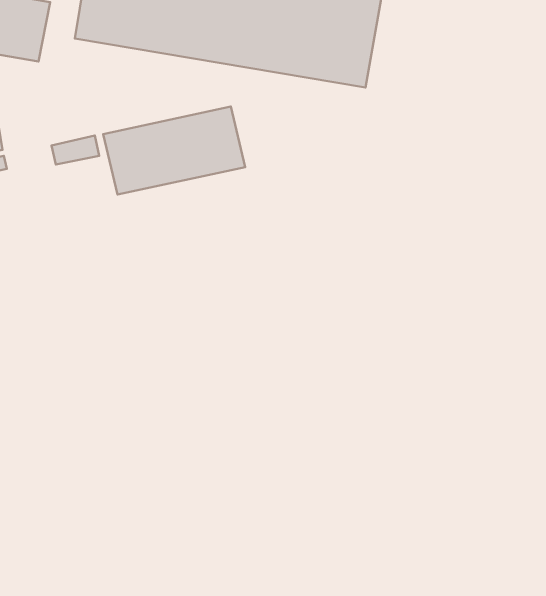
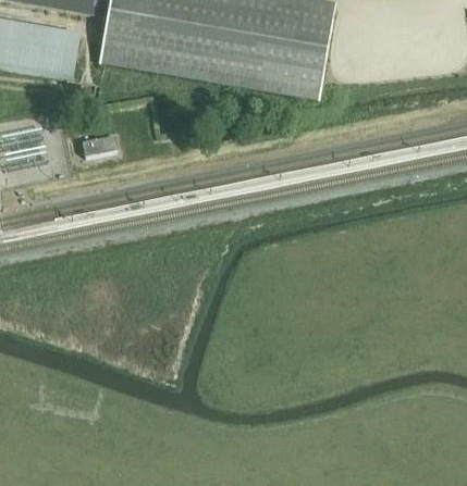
building: [103,107,245,194] -> none

